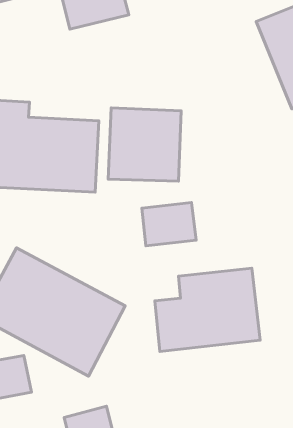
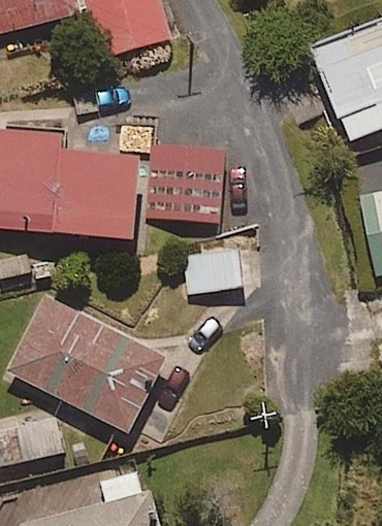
building: [155,268,260,351] -> none

